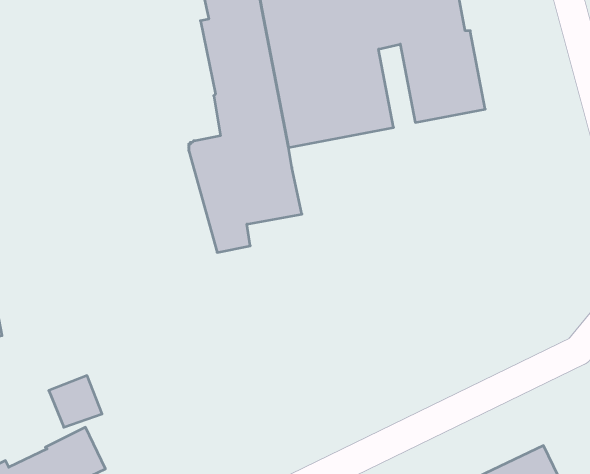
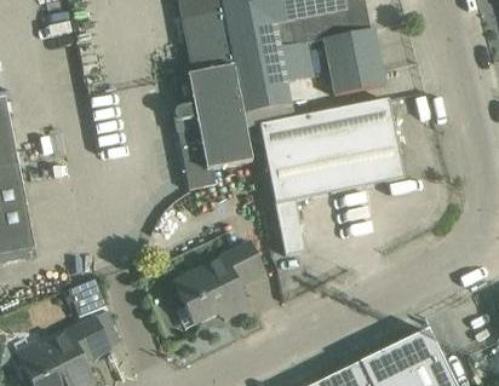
building: none -> [260,98,405,253]
building: none -> [177,240,264,323]

